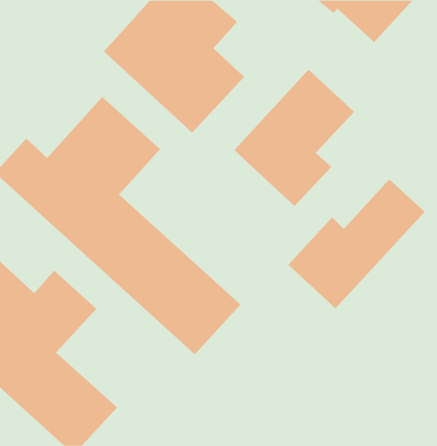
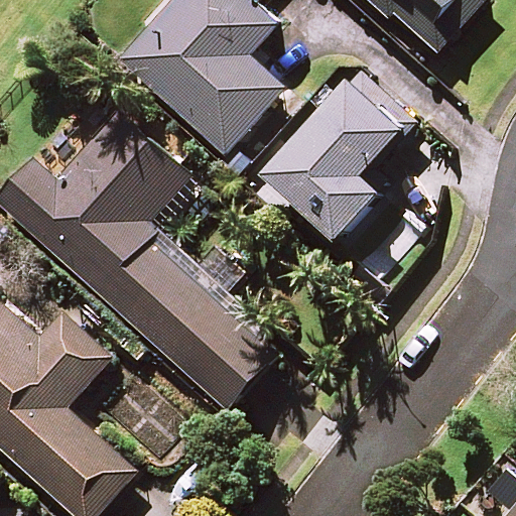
building: [287,178,425,309] -> none

